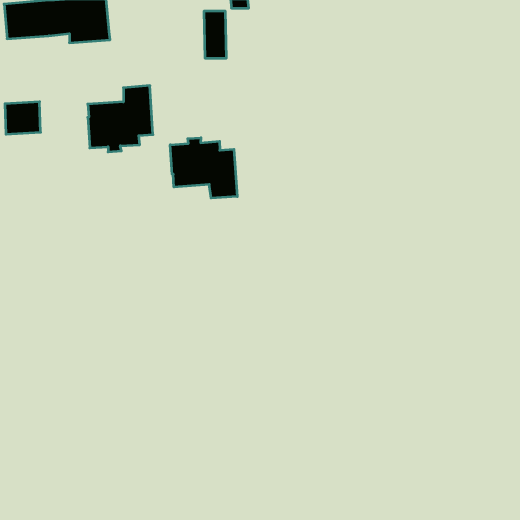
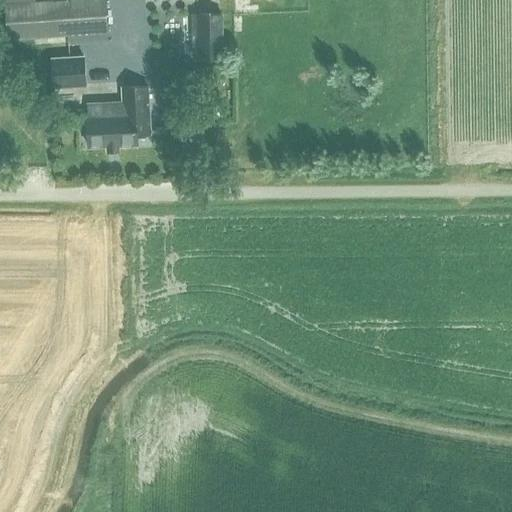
building: [5,102,41,134] -> [50,54,85,86]
building: [170,138,237,198] -> none

